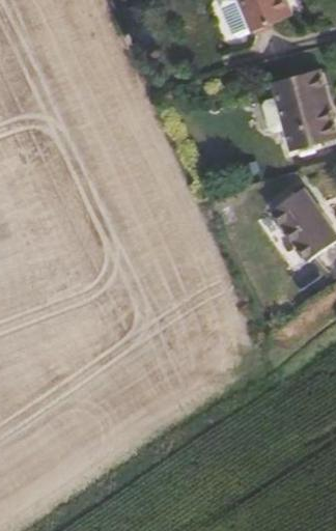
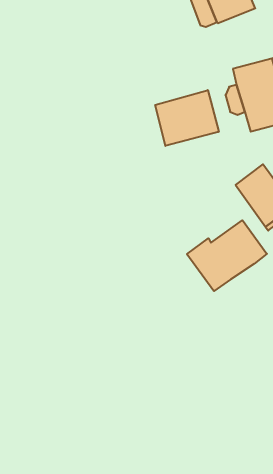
building: none -> [155,90,219,146]
building: none -> [187,220,267,291]

